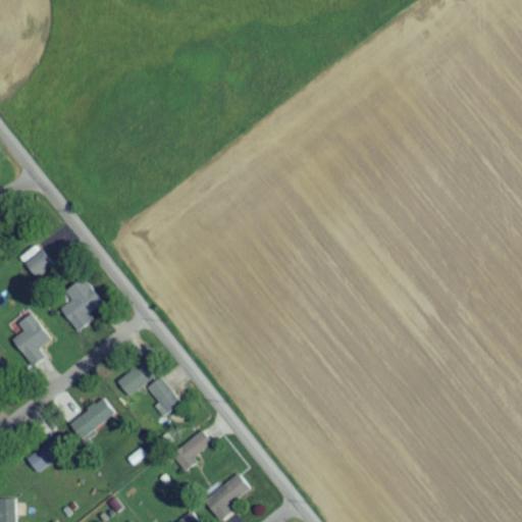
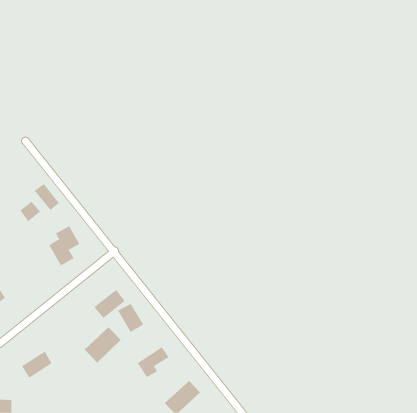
building: none -> [34,183,60,211]
building: [10,318,51,363] -> none
building: [68,396,115,441] -> [84,327,122,363]

